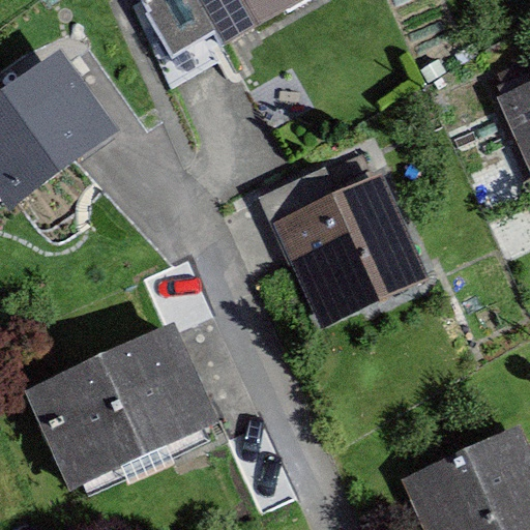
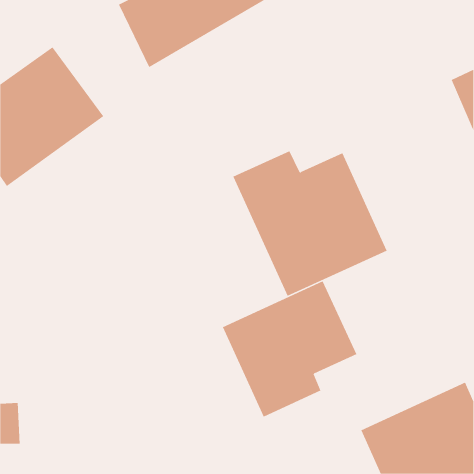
building: none -> [222,280,357,417]
building: [25,322,218,488] -> none

